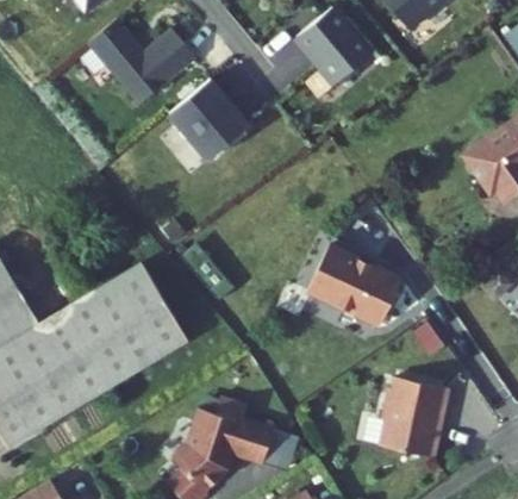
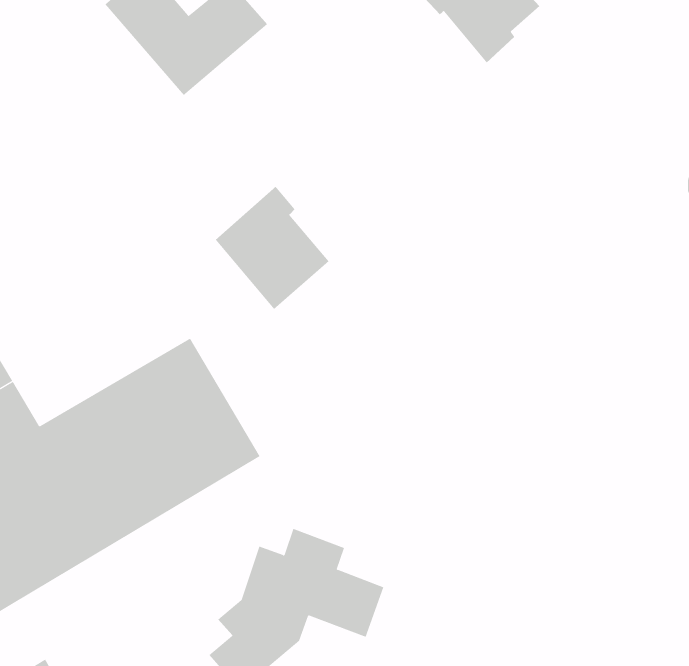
building: [167,79,243,161] -> [215,186,330,310]
building: [304,243,398,323] -> none
building: [376,372,447,453] -> none

